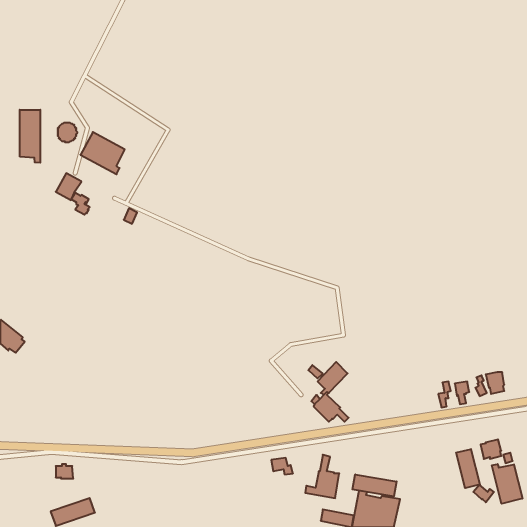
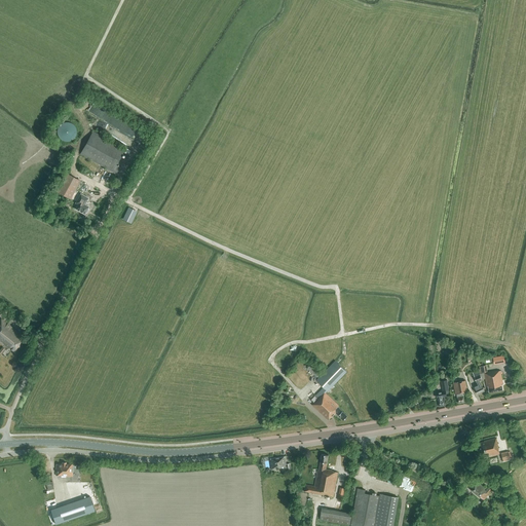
building: [20,110,40,163] -> none
building: [456,449,480,488] -> none
building: [492,464,522,504] -> none
building: [352,474,397,497] -> none

